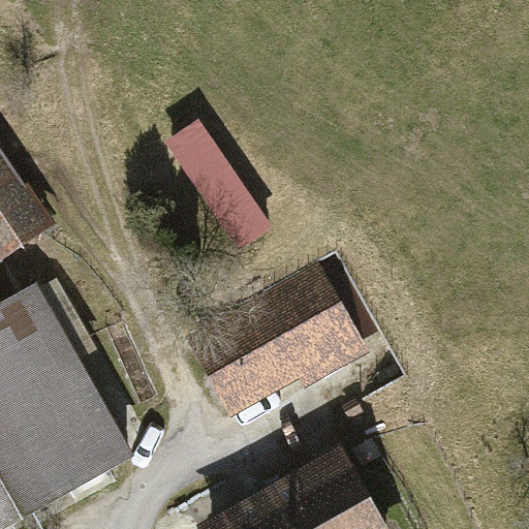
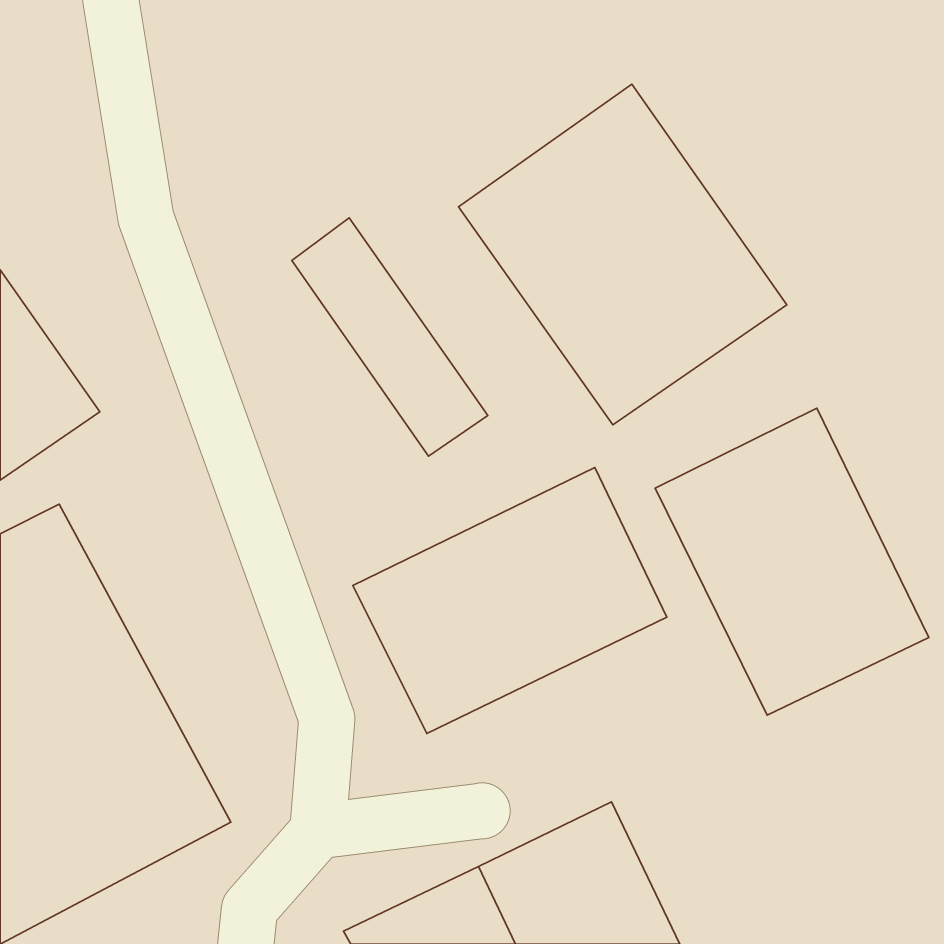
building: none -> [459,84,787,425]
building: none -> [655,408,929,715]

